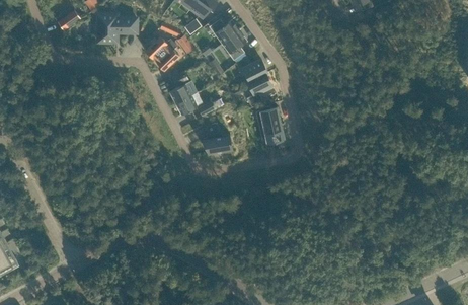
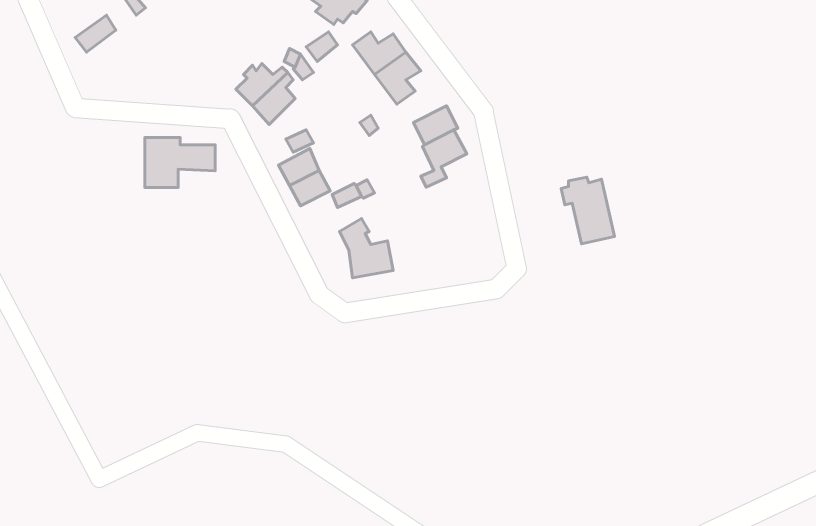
building: [98,16,137,44] -> [145,138,215,188]
building: [255,107,285,144] -> [561,177,615,244]

